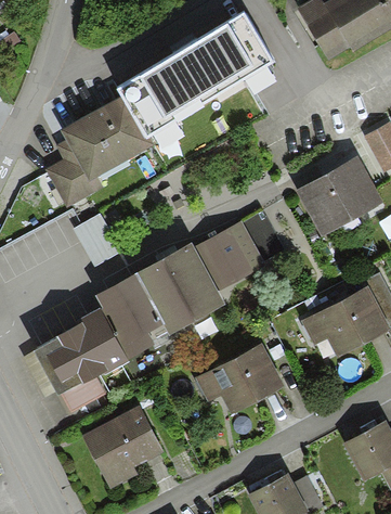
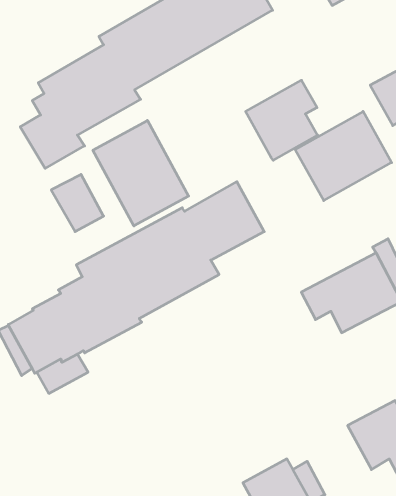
building: none -> [246,80,318,160]
building: none -> [93,120,189,226]
building: [195,342,286,414] -> none
building: [82,404,165,488] -> none

